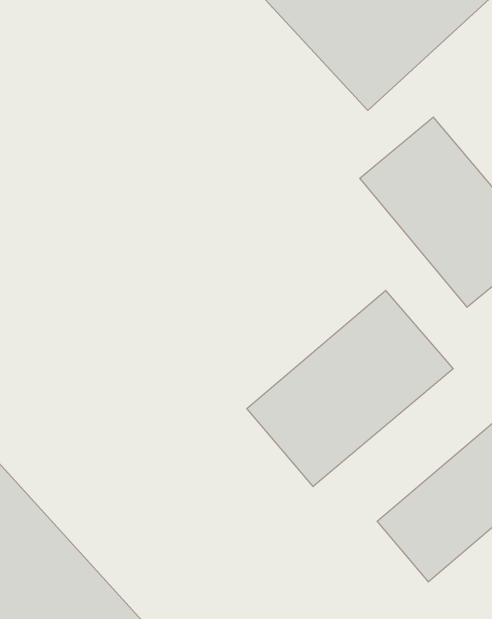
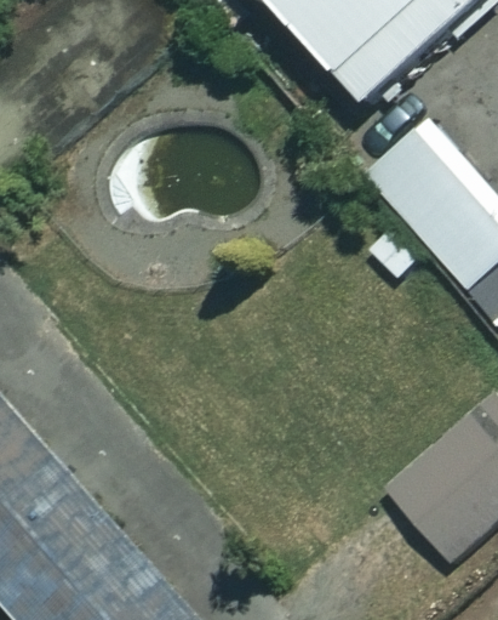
building: [247,290,453,487] -> none

